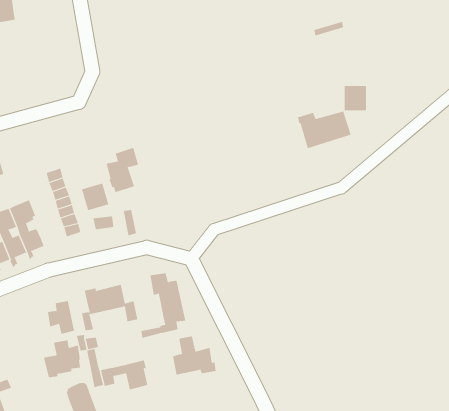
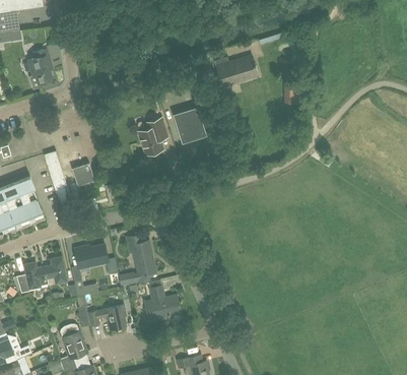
building: none -> [27,49,53,89]
building: [297,111,352,149] -> [214,56,258,86]
building: none -> [173,106,207,143]
building: [106,147,139,193] -> [139,118,165,154]
building: [43,340,81,378] -> [16,262,47,293]

